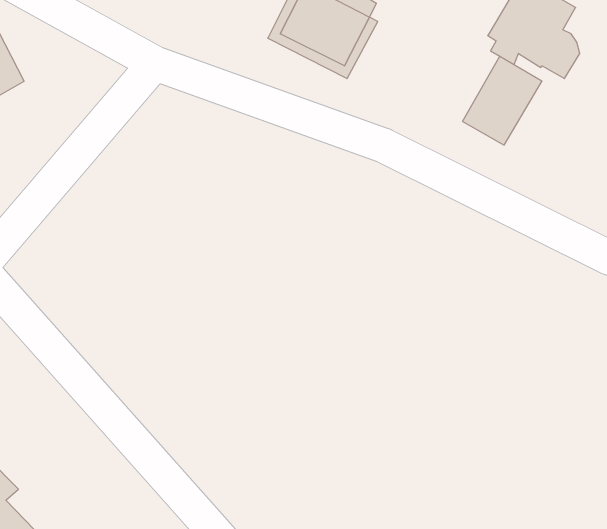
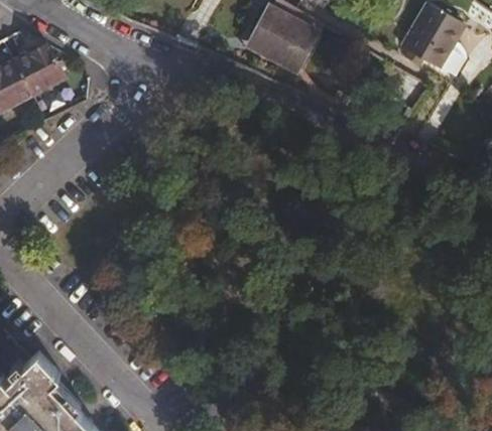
building: [463,56,542,145] -> none

